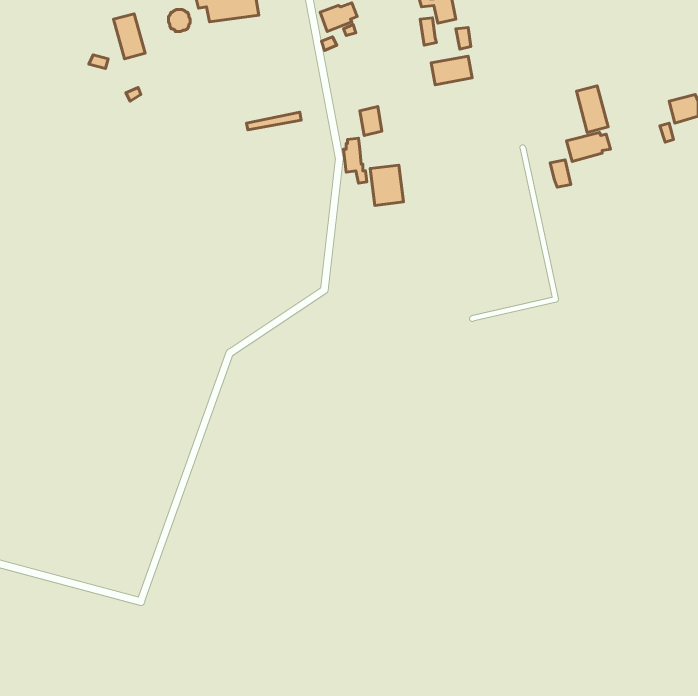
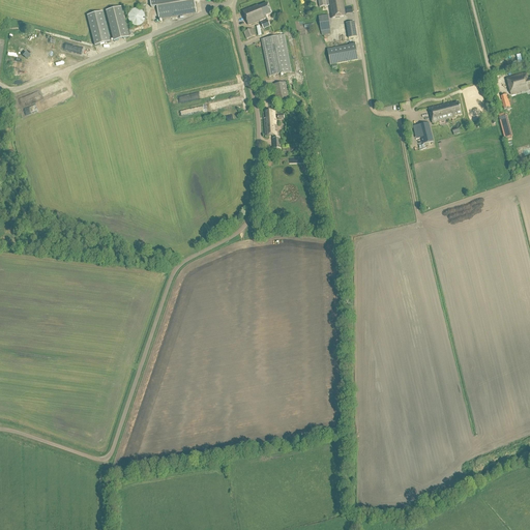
building: none -> [106,5,127,39]
building: none -> [261,33,291,76]
building: [576,86,608,132] -> none
building: [370,165,403,205] -> none

